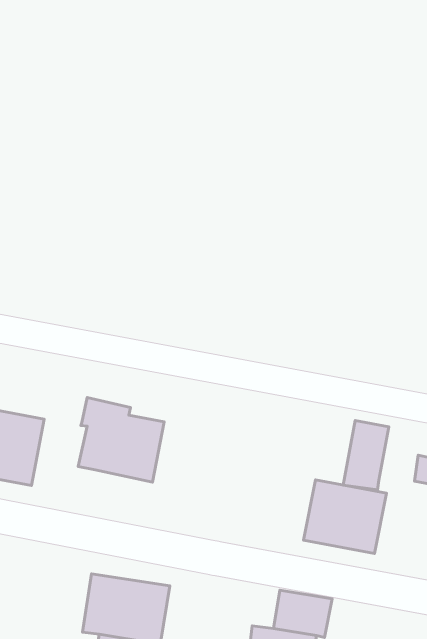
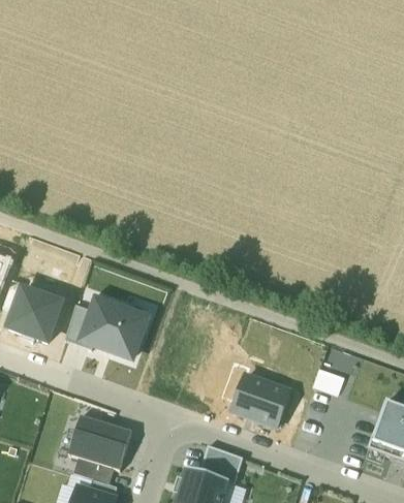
building: none -> [62,304,93,348]
building: [343,421,389,490] -> none

